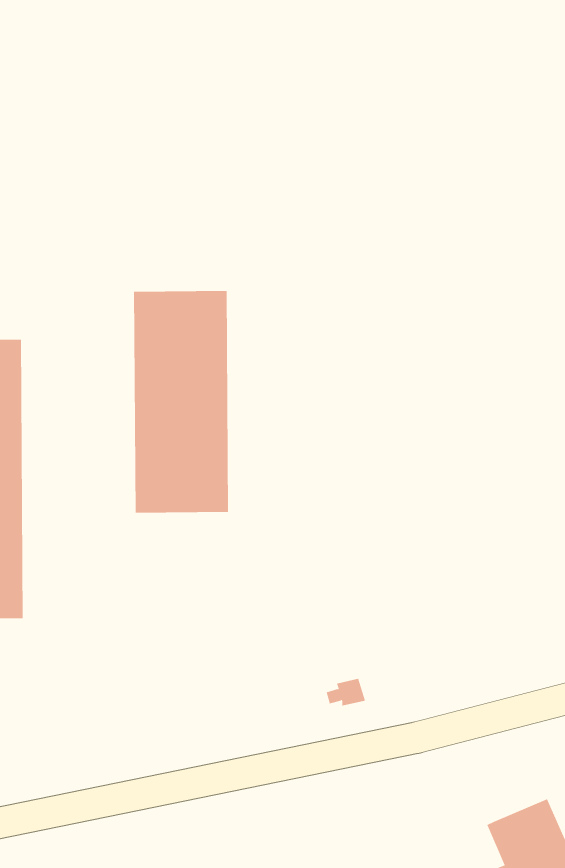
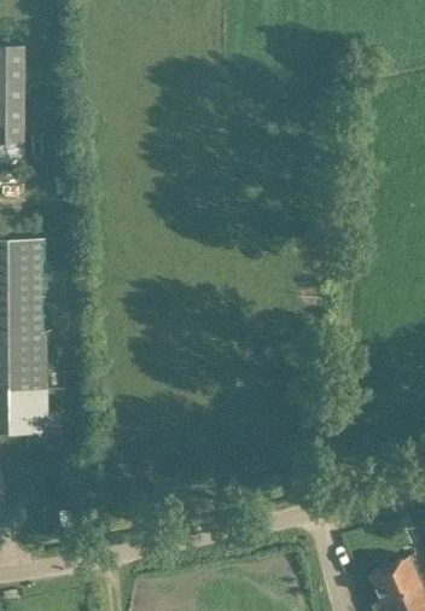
building: [134,290,228,513] -> none

